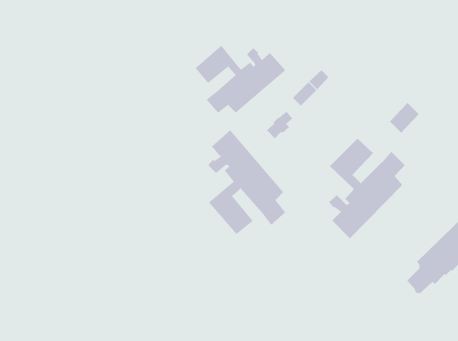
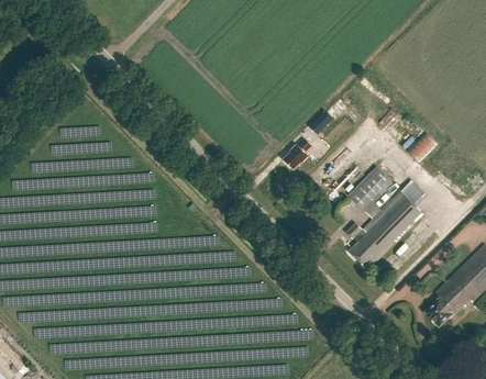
building: [195,45,286,114] -> none
building: [208,130,286,235] -> none

